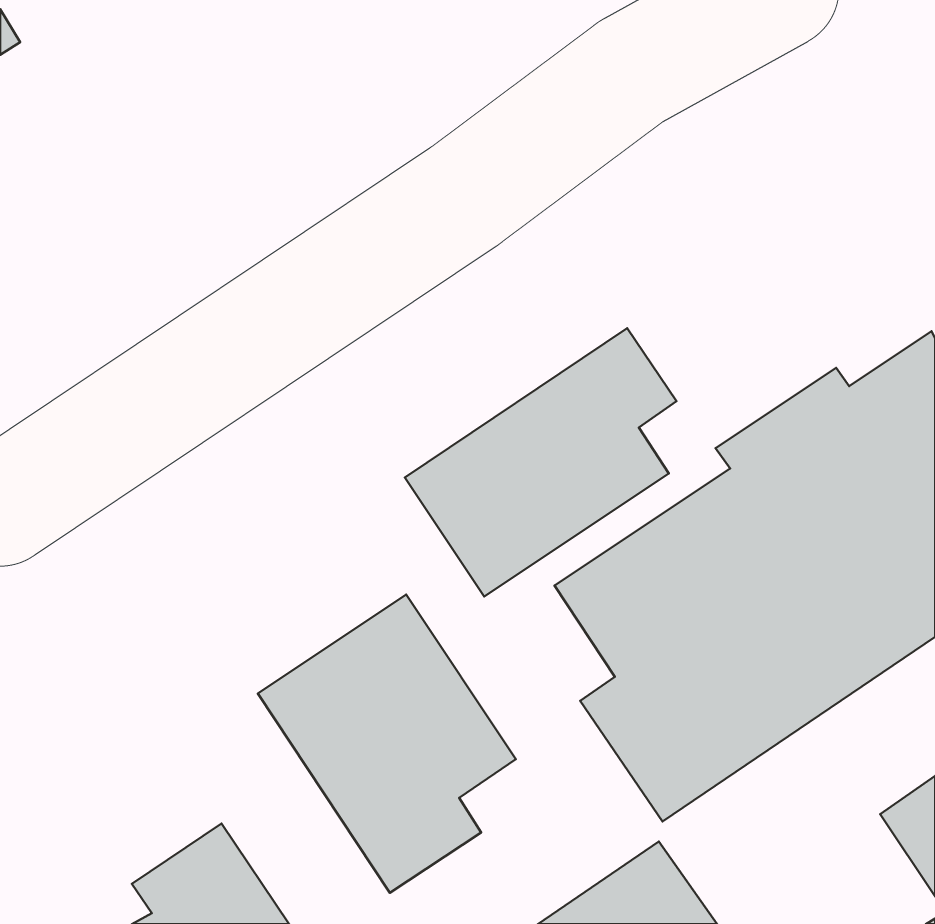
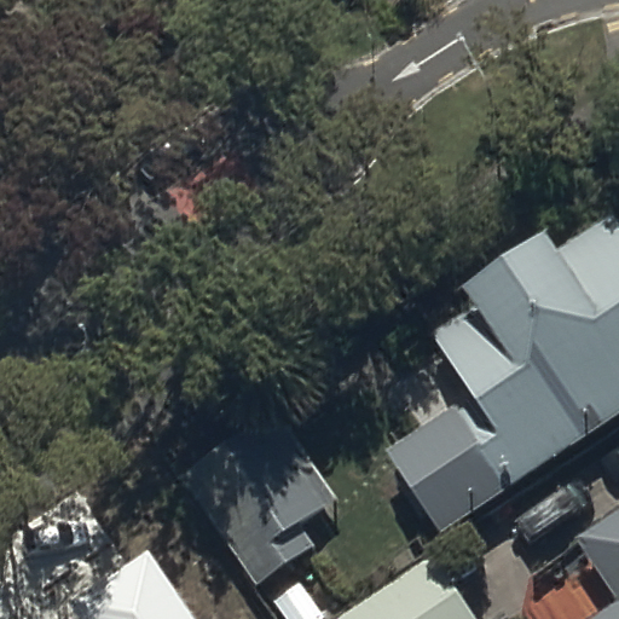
building: [405,328,677,597] -> none

